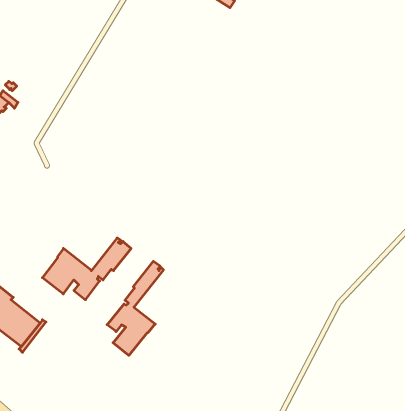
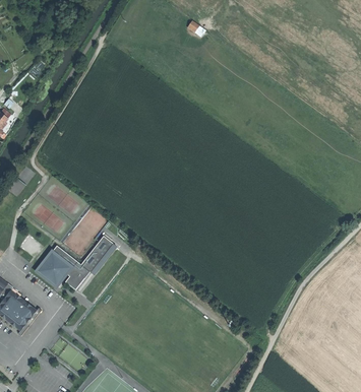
building: [107,261,163,355] -> none

